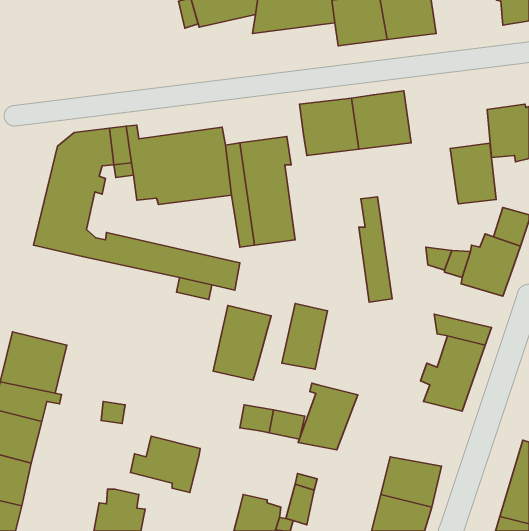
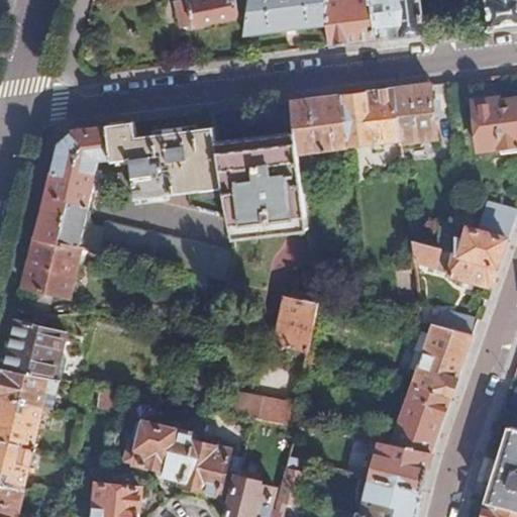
building: [450,143,496,204] -> [391,83,435,141]
building: [359,197,392,302] -> [276,130,308,232]
building: none -> [20,237,80,297]
building: [213,306,271,380] -> none
building: [298,383,358,450] -> [390,387,447,451]
building: none -> [183,440,240,496]

